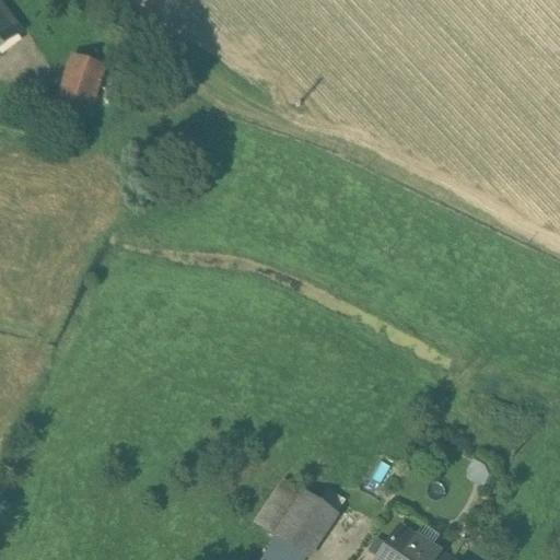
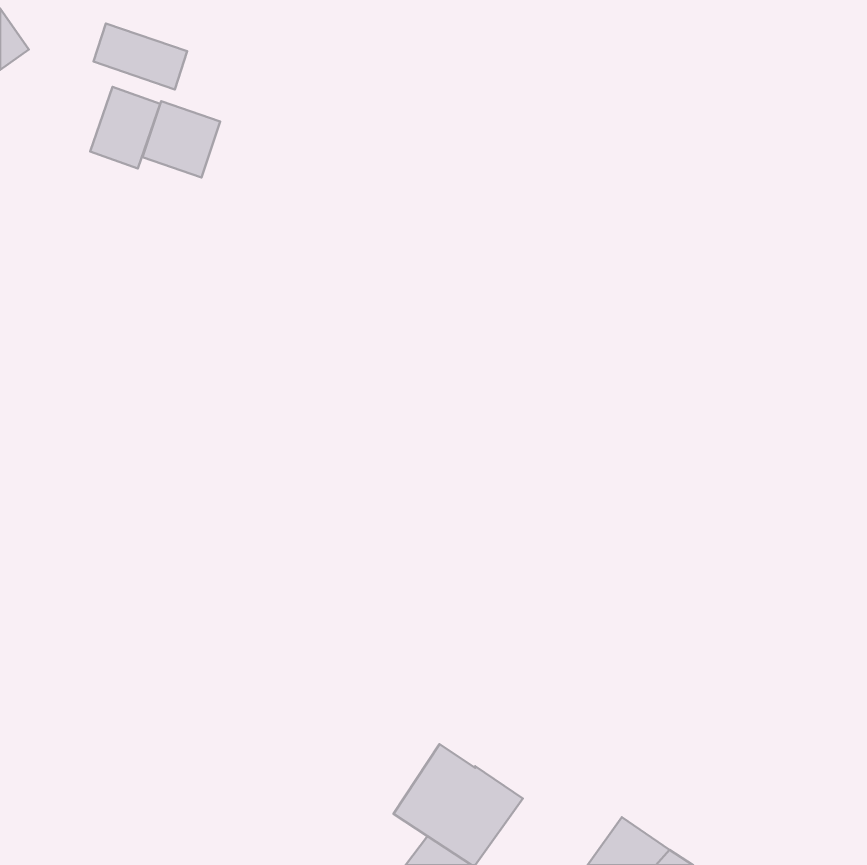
building: none -> [94,23,187,89]
building: none -> [142,101,220,177]

